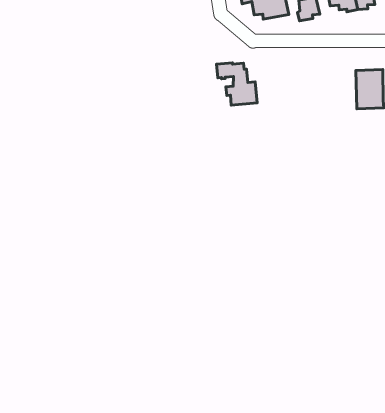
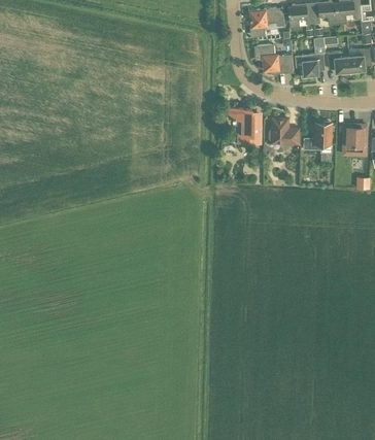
building: none -> [268,119,298,143]
building: none -> [310,123,331,149]

